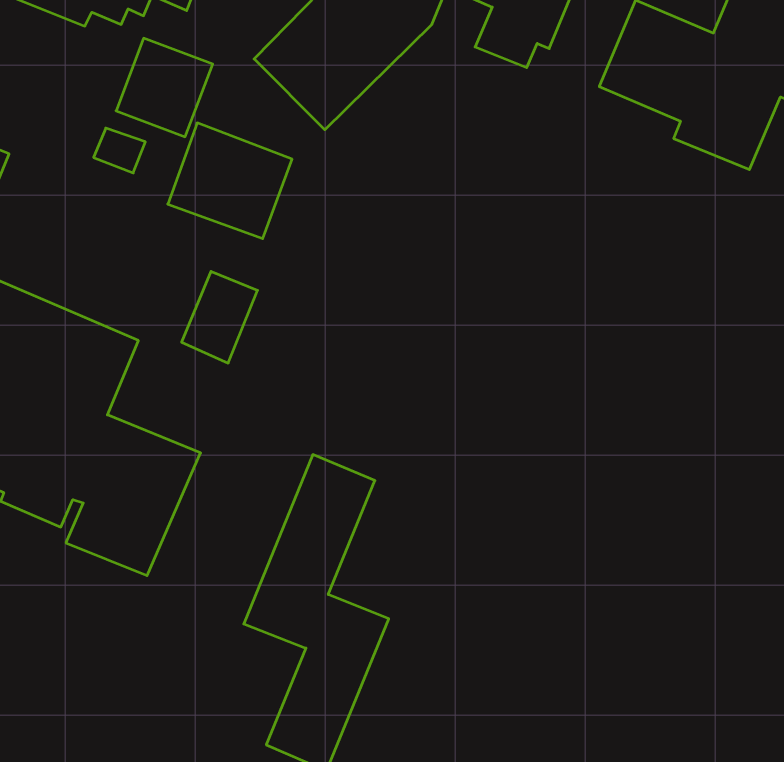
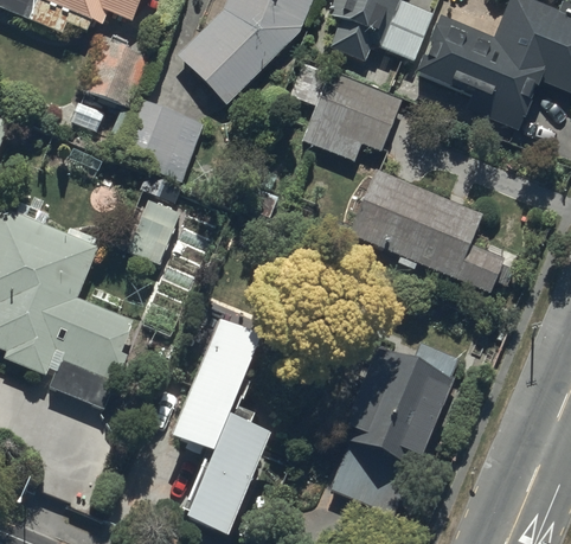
building: none -> [302,69,402,159]
building: none -> [348,169,505,293]
building: none -> [331,337,463,508]

